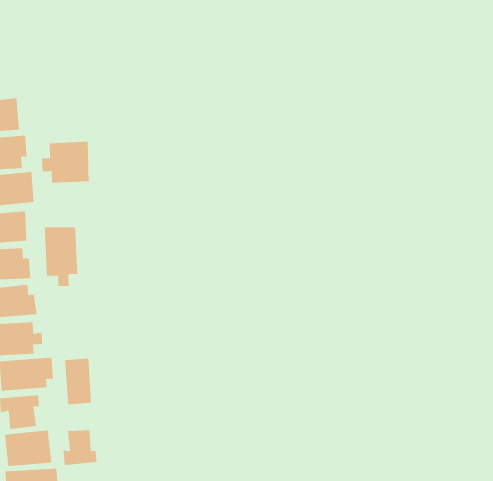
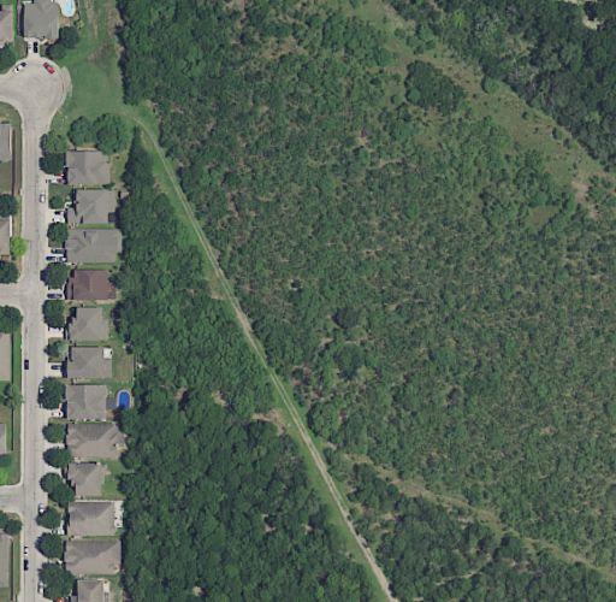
building: [42,141,89,184] -> none
building: [44,226,78,287] -> none
building: [64,358,91,405] -> none
building: [63,430,97,466] -> none

